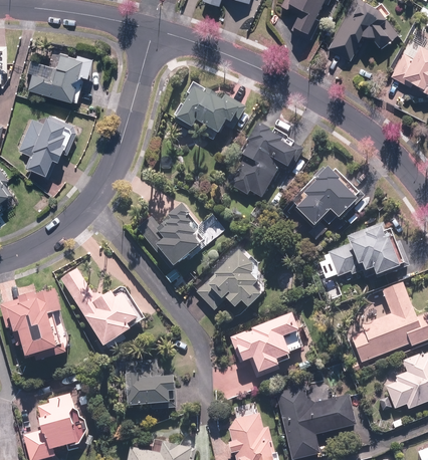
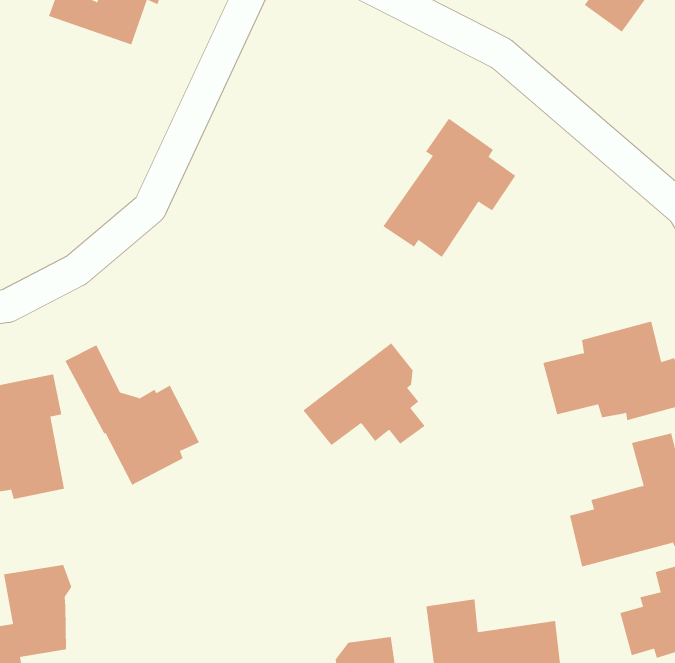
building: [173,80,242,134] -> none
building: [18,113,74,176] -> none
building: [296,164,360,225] -> none
building: [136,201,205,269] -> none
building: [229,311,302,377] -> none
building: [126,361,177,408] -> none

